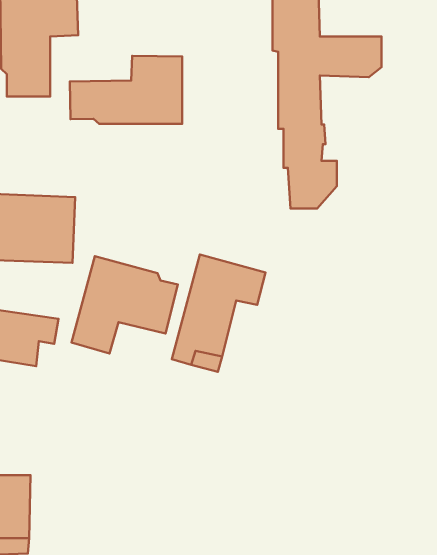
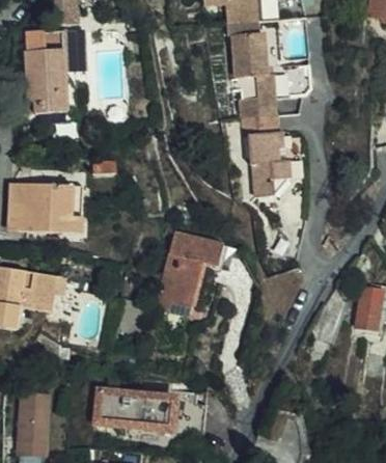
building: [70,56,182,124] -> none
building: [72,256,178,353] -> none
building: none -> [91,388,205,437]

